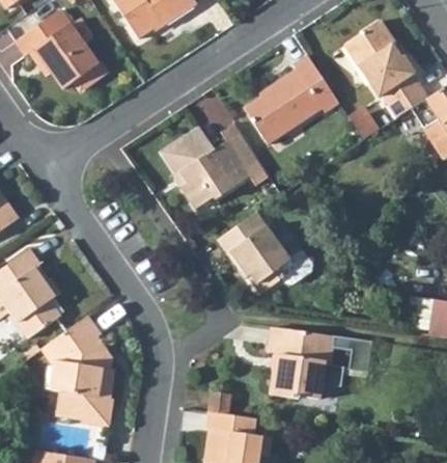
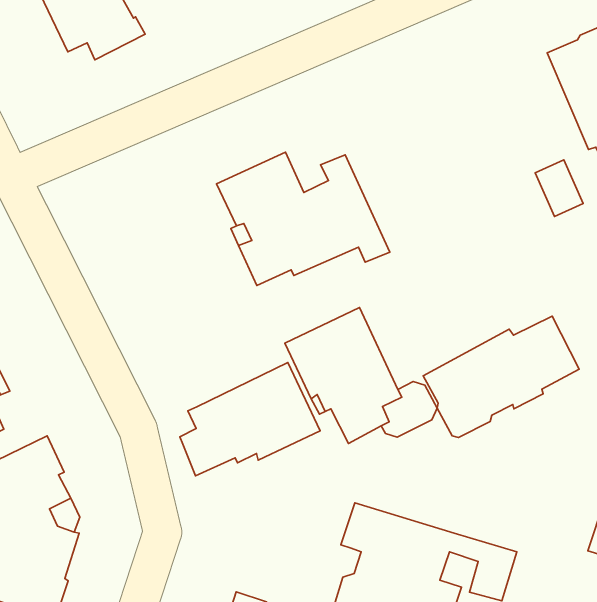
building: [244,55,339,143] -> none
building: none -> [423,316,579,438]
building: none -> [180,363,320,476]

